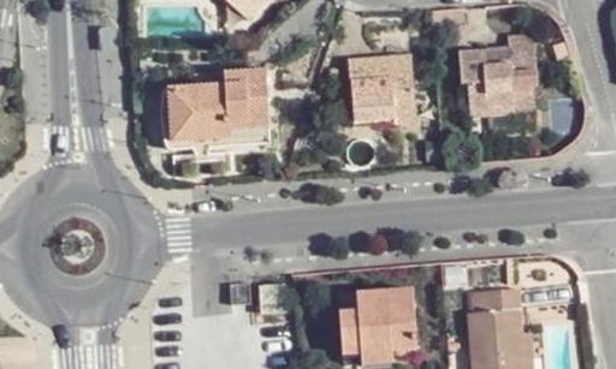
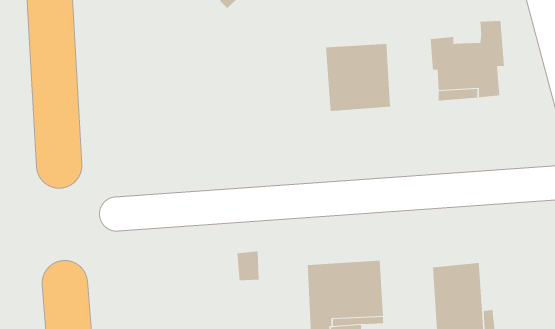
building: [171,67,270,138] -> none

